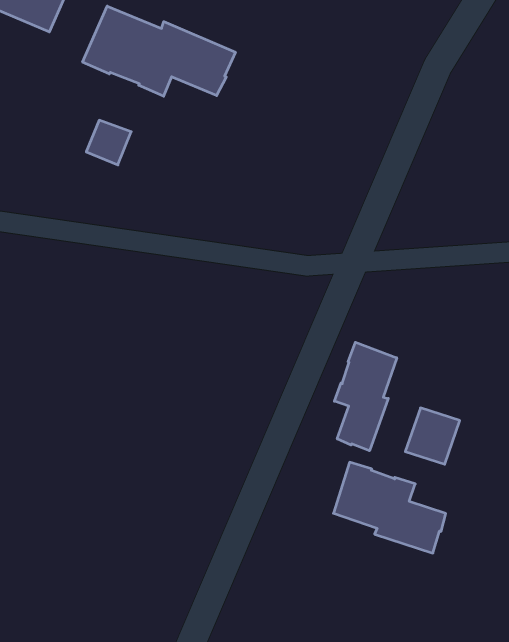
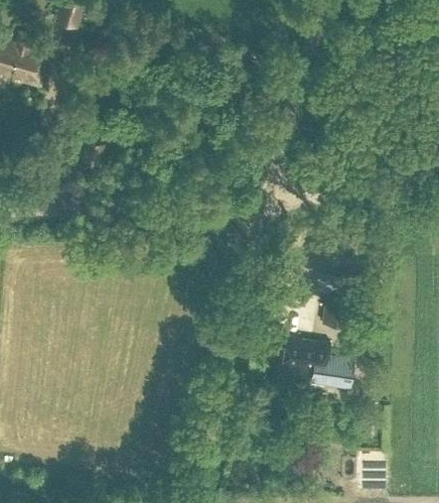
building: [83,6,235,96] -> none
building: [334,342,397,451] -> none

